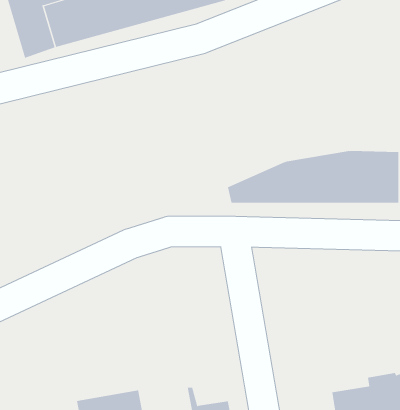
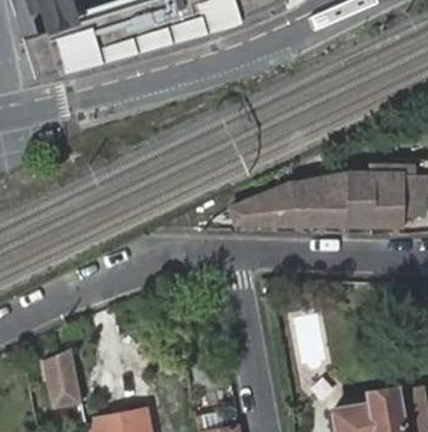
building: none -> [46,344,84,406]

